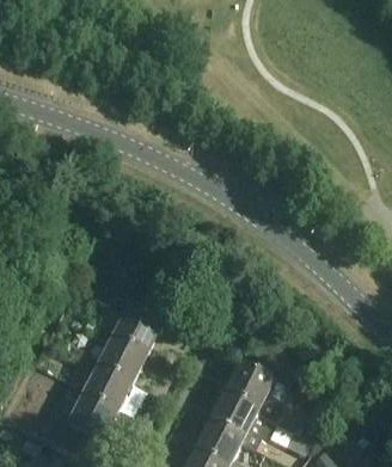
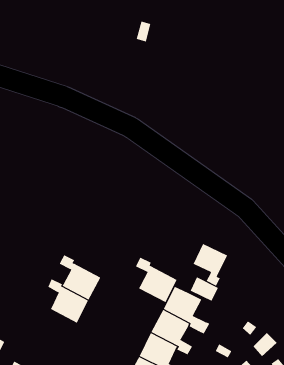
building: [108,296,160,354] -> [135,257,177,303]
building: none -> [193,243,228,286]
building: [63,383,116,441] -> none

